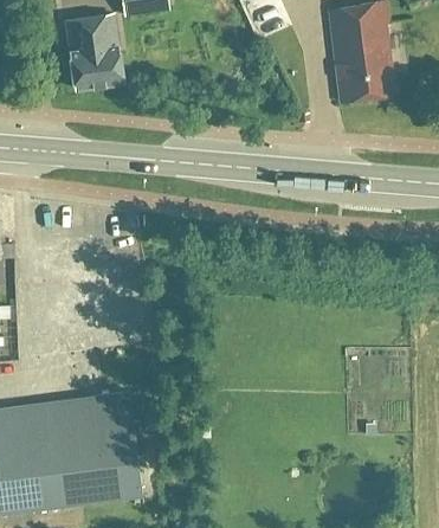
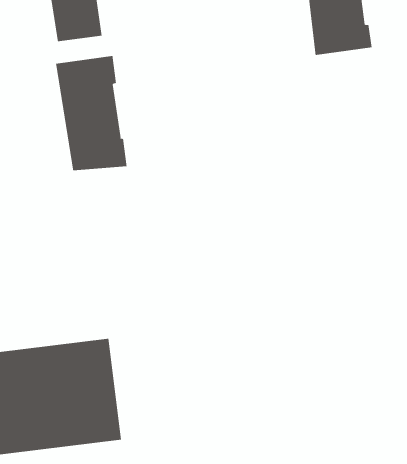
building: none -> [56,55,127,171]

